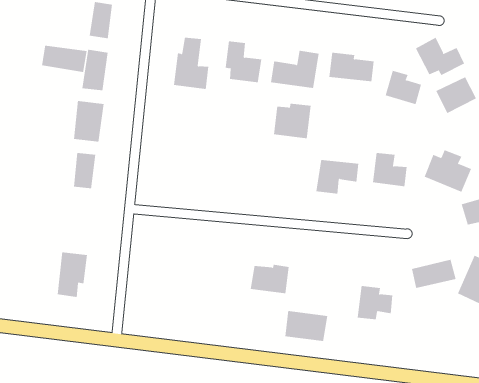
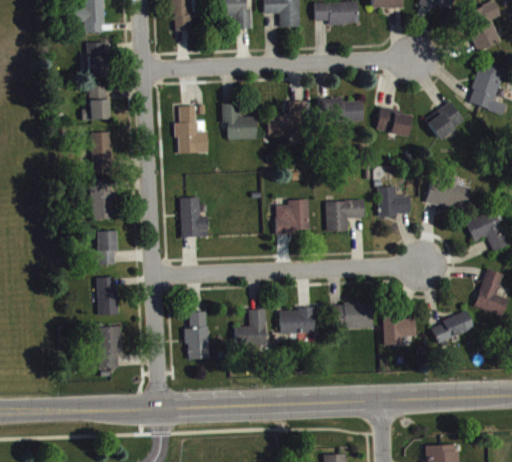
building: [415,37,465,76] -> none
building: [41,45,87,73] -> none
building: [273,103,312,139] -> [275,199,309,232]
building: none -> [180,197,208,237]
building: none -> [96,277,117,314]
building: none -> [185,311,208,359]
building: none -> [234,308,266,345]
building: [411,259,456,289] -> [430,310,474,343]
building: [284,310,328,342] -> [333,302,372,328]

